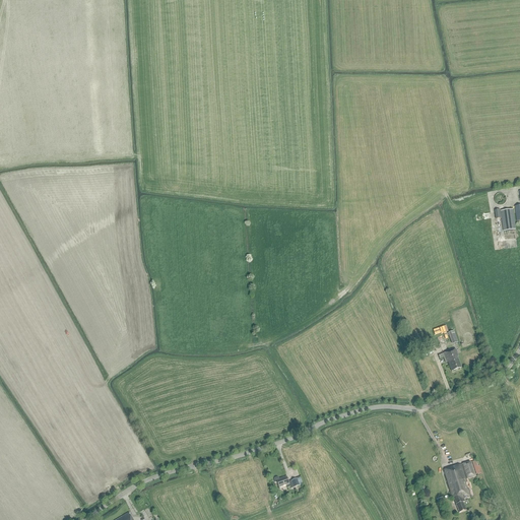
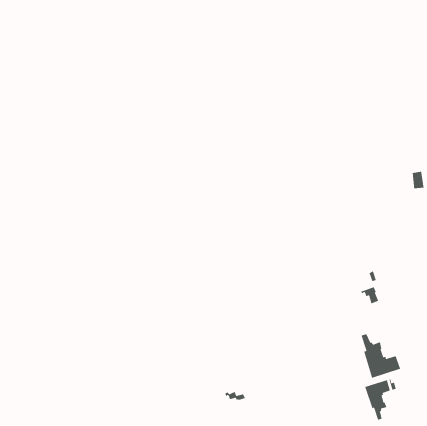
building: none -> [361,333,401,379]

